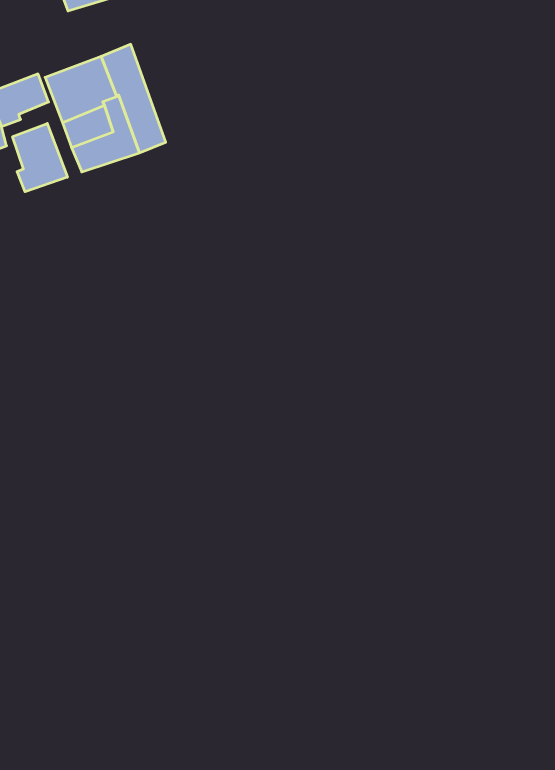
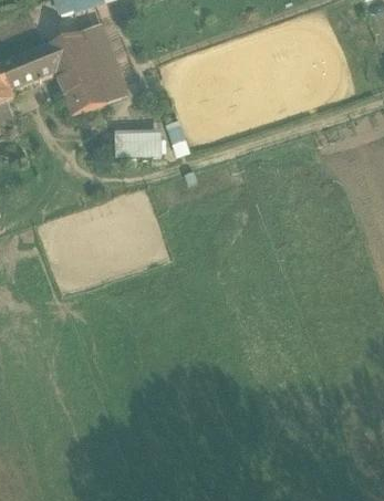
building: [13,123,67,192] -> none
building: none -> [114,125,162,150]

